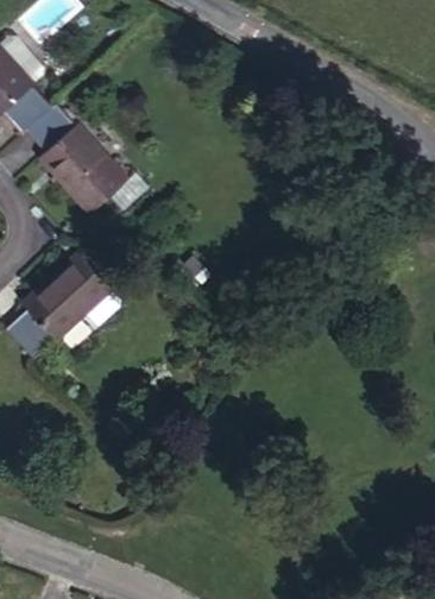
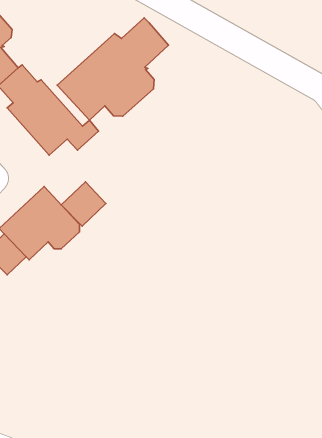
building: none -> [57,18,169,120]
building: none -> [61,182,106,226]

